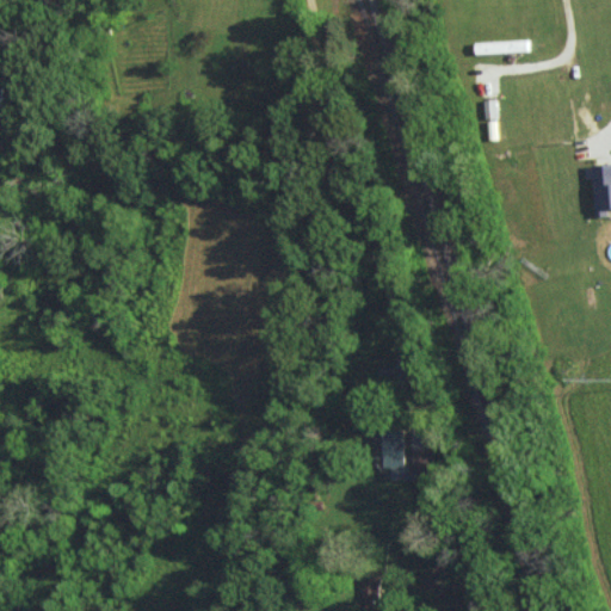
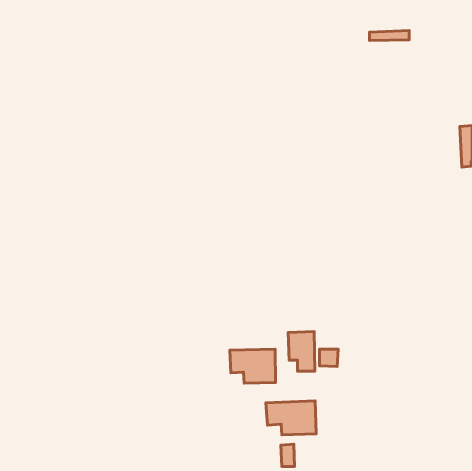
building: none -> [230,349,276,383]
building: none -> [266,401,316,435]

